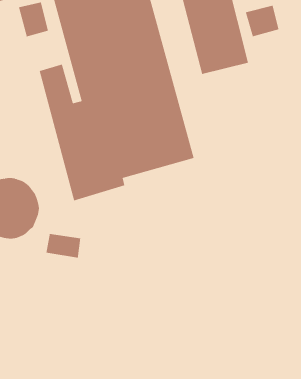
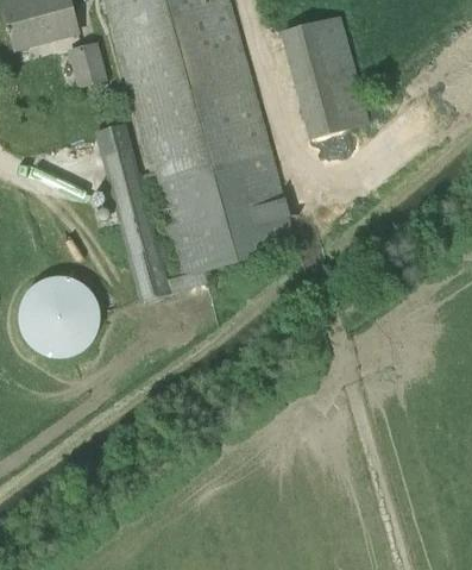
building: [245,5,279,37] -> none
building: [46,233,81,259] -> none

